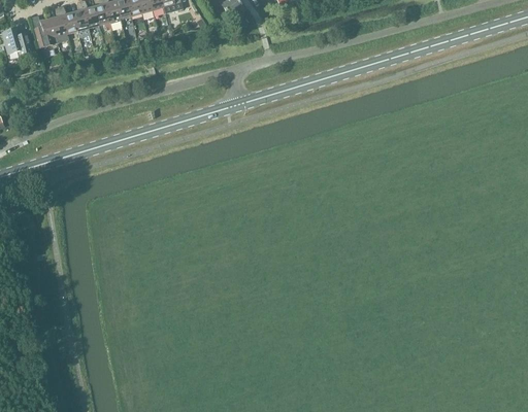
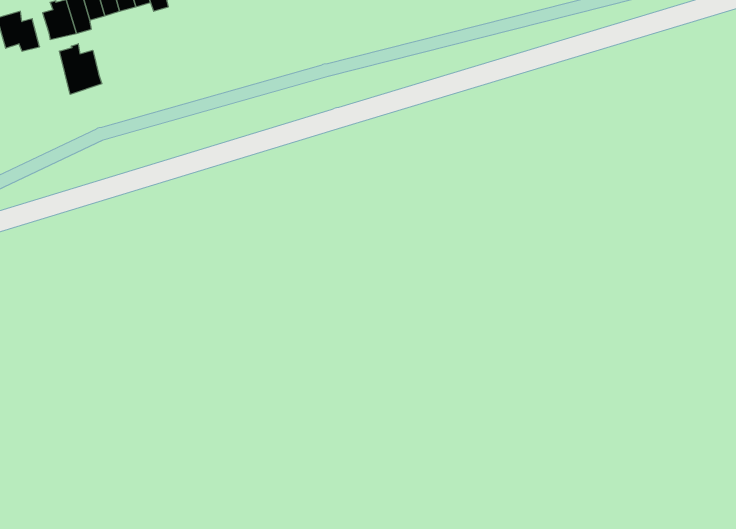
building: none -> [59,44,102,94]

